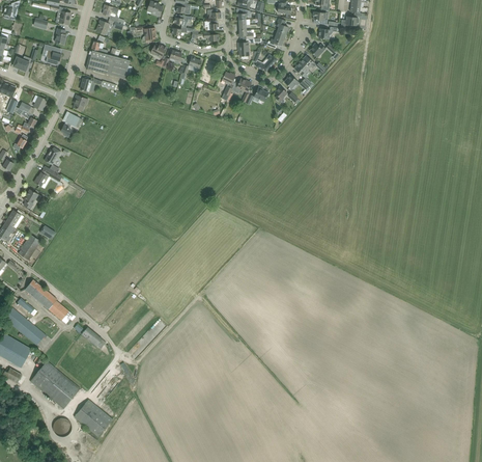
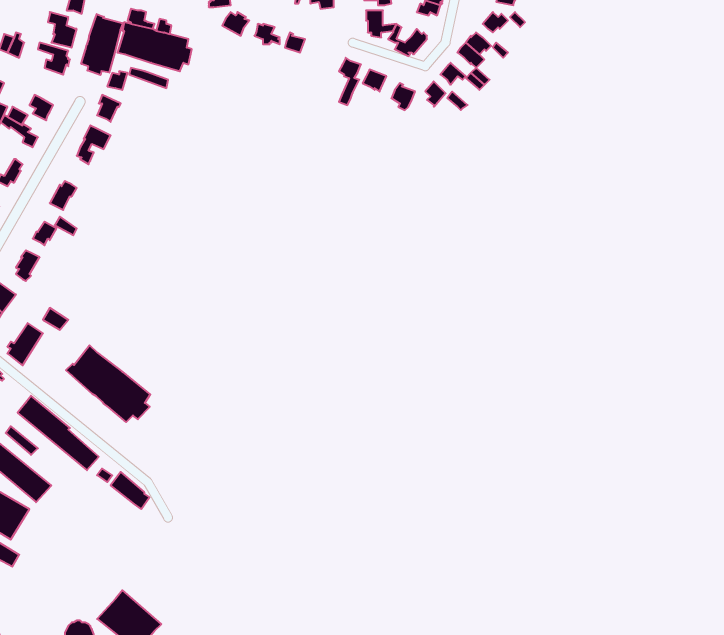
building: none -> [81,14,123,75]
building: none -> [66,345,150,422]
building: [29,360,80,409] -> none

